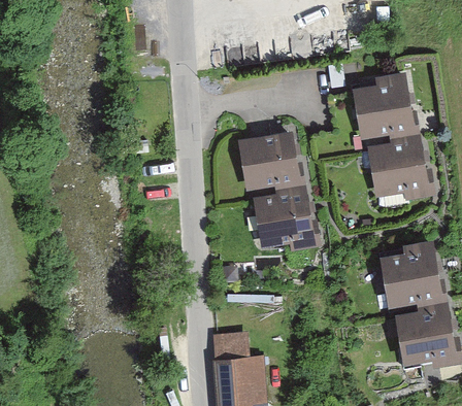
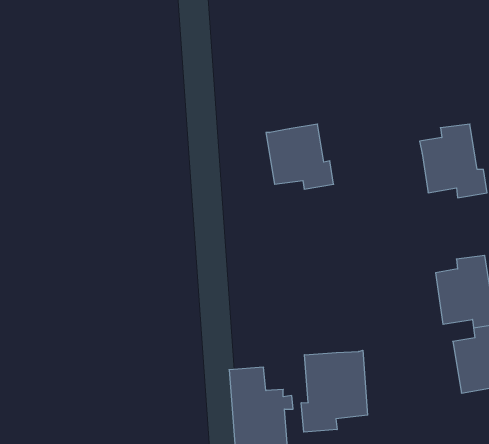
building: [359,76,416,137] -> none
building: [259,184,316,246] -> none
building: none -> [301,350,368,432]

